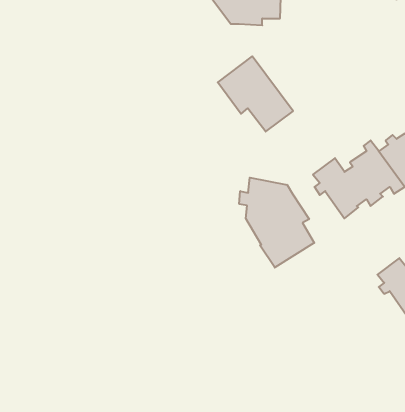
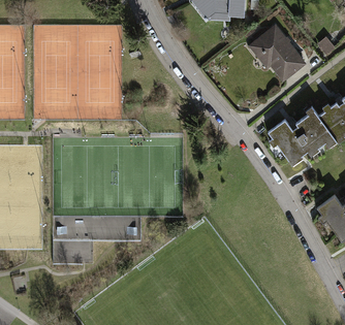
building: [218,56,293,132] -> [247,22,304,78]
building: [239,178,314,268] -> none

